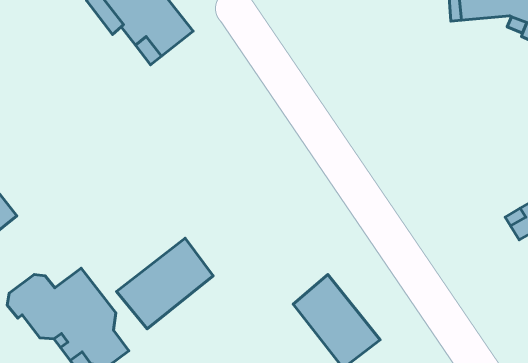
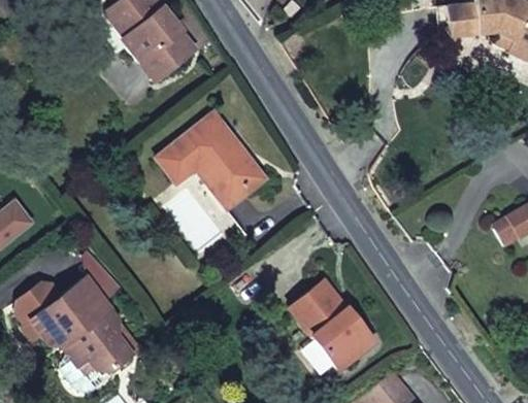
building: none -> [156,113,267,211]
building: [117,238,213,329] -> none

